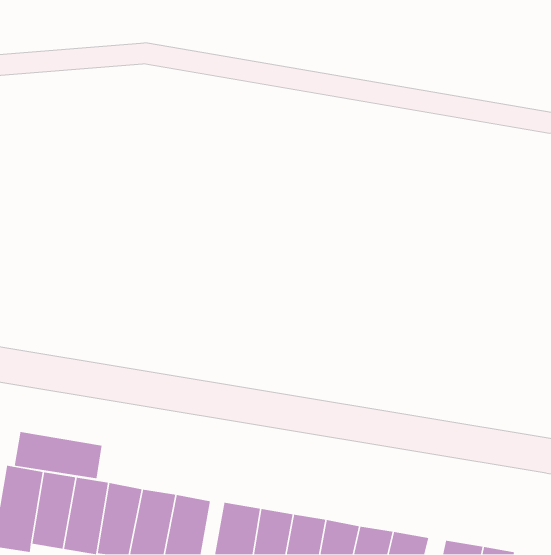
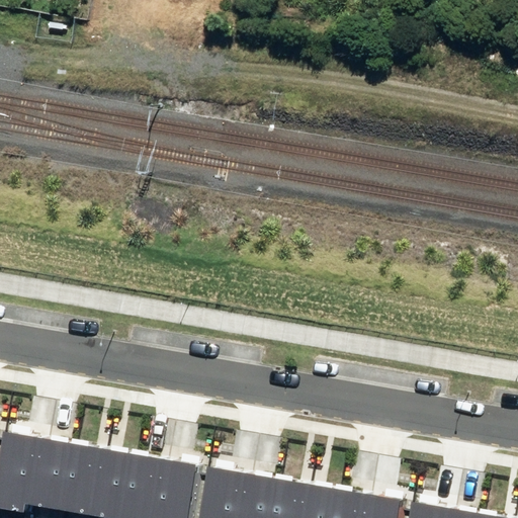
building: [14,431,103,479] -> none

